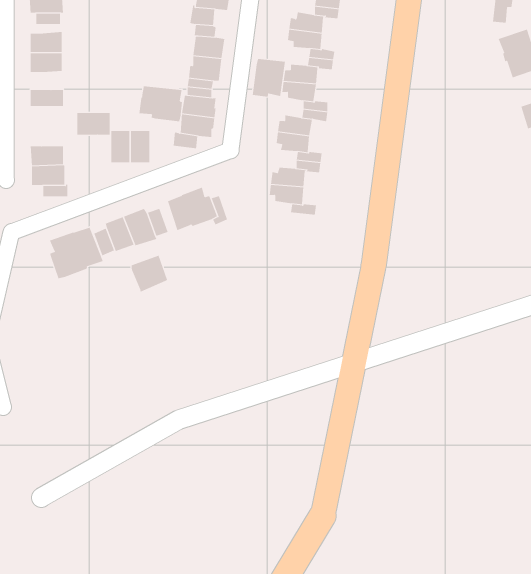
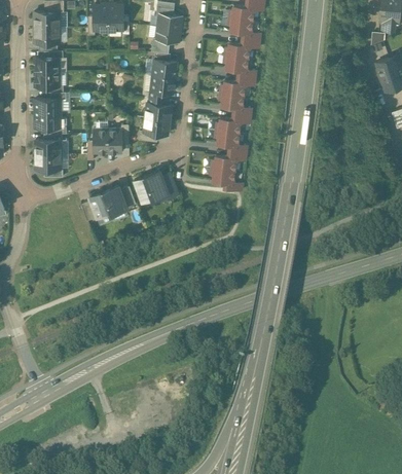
building: [252,58,286,97] -> none
building: [139,85,182,122] -> none
building: [77,112,110,135] -> [35,111,60,127]
building: [49,227,104,279] -> none
building: [131,255,169,292] -> none

